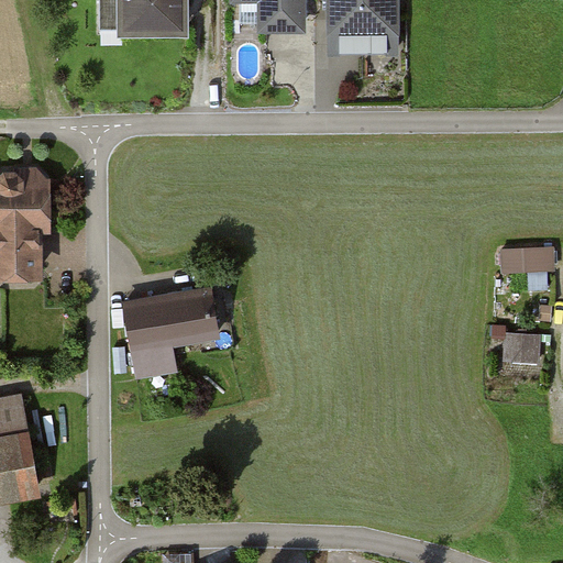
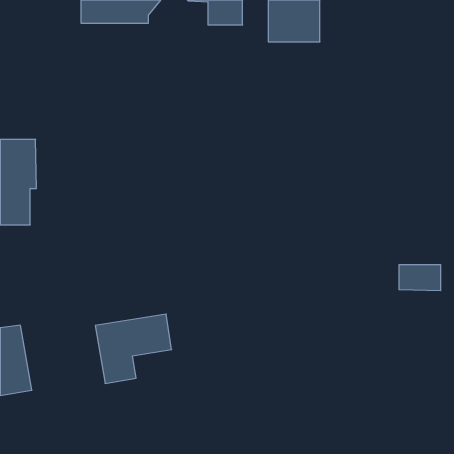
building: [504,242,556,286] -> none
building: [122,292,217,378] -> [95,314,172,383]

